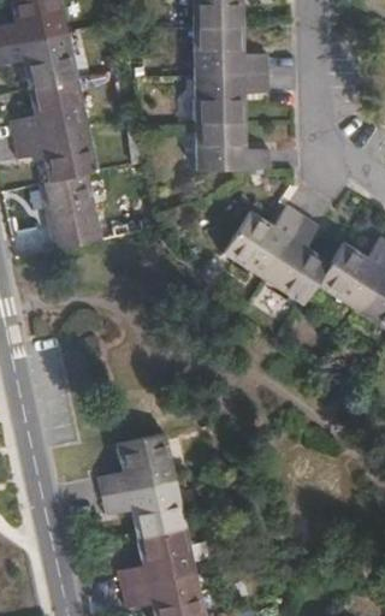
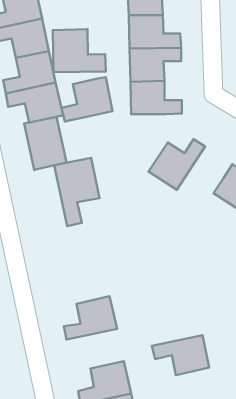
building: none -> [53,29,106,72]
building: none -> [61,77,113,122]
building: [262,217,330,304] -> none
building: none -> [54,158,99,226]
building: [102,480,185,538] -> [152,335,209,375]

